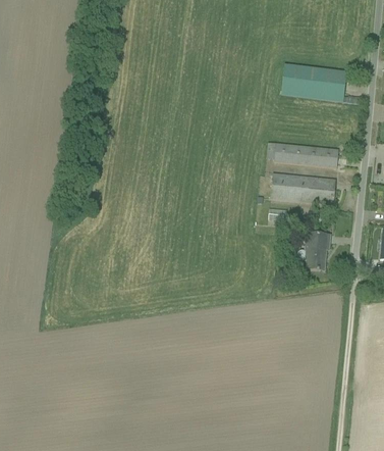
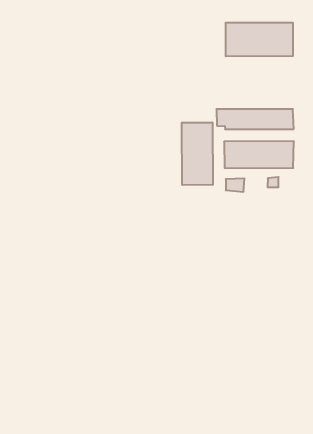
building: none -> [182,122,213,185]
building: [296,232,330,269] -> none

